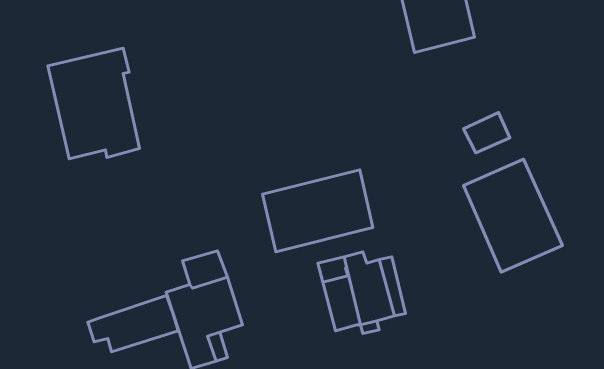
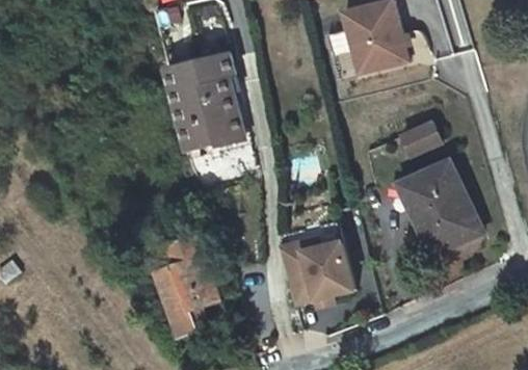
building: [48,48,139,159] -> [164,53,240,144]
building: [263,170,373,252] -> none
building: [88,295,178,352] -> none

